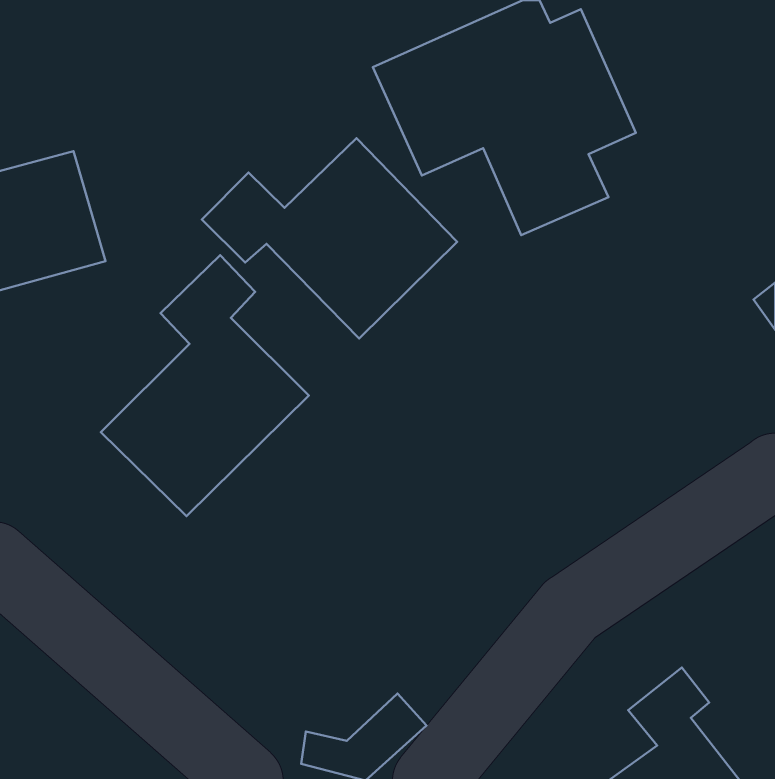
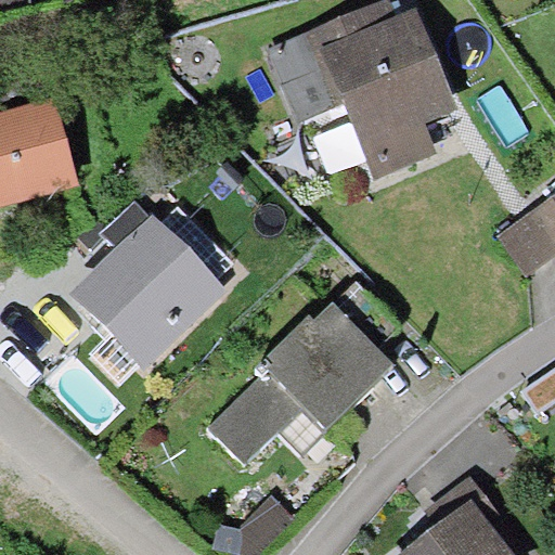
building: [202,138,457,338] -> none
building: none -> [212,284,402,470]

